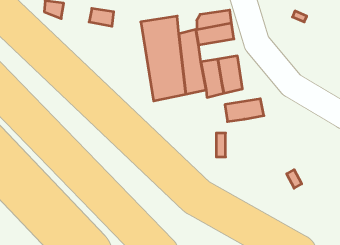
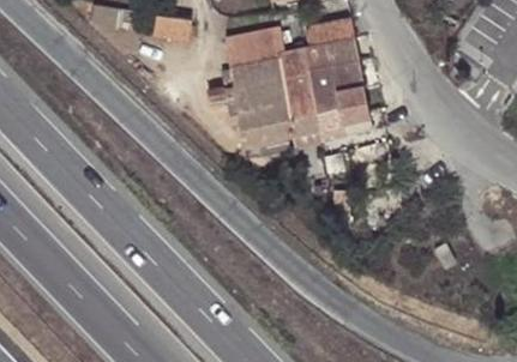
building: [225,99,264,122] -> [309,59,365,91]

